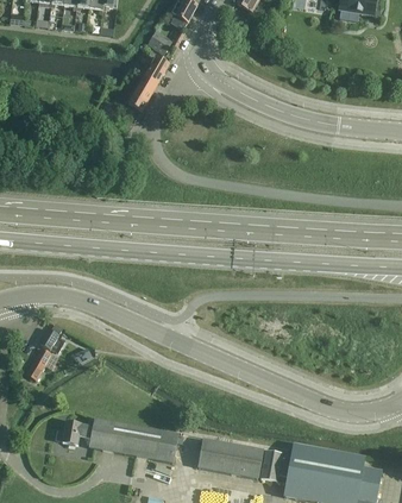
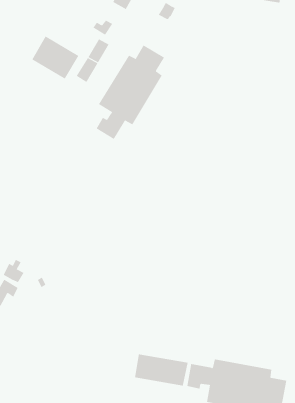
building: none -> [32,35,79,80]
building: none -> [96,45,165,140]
building: [57,417,178,461] -> none

